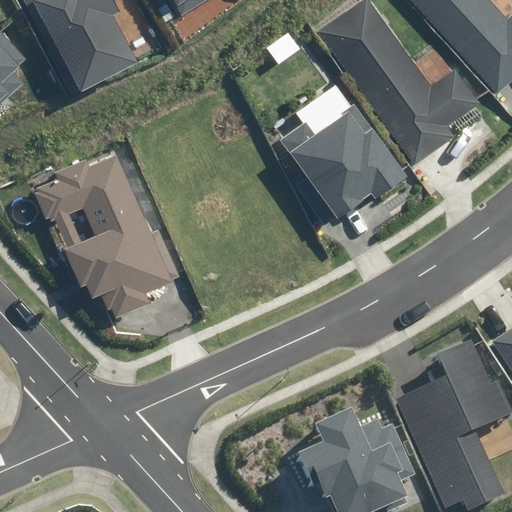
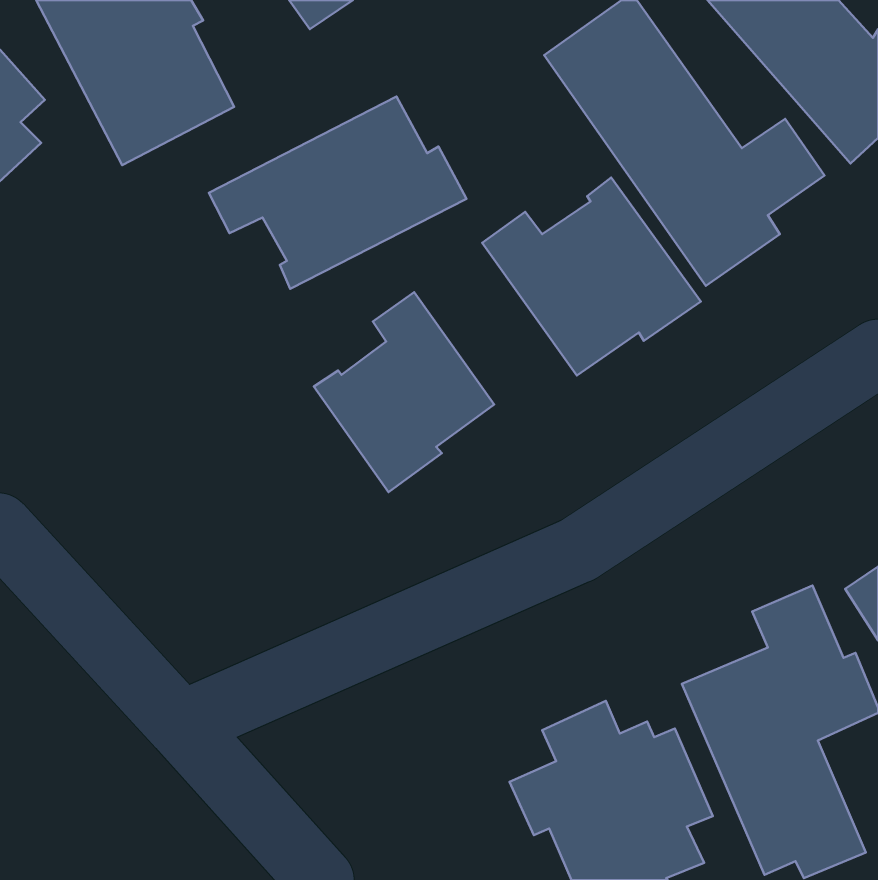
building: none -> [209,96,466,289]
building: [35,155,179,318] -> none
building: none -> [314,292,494,492]

